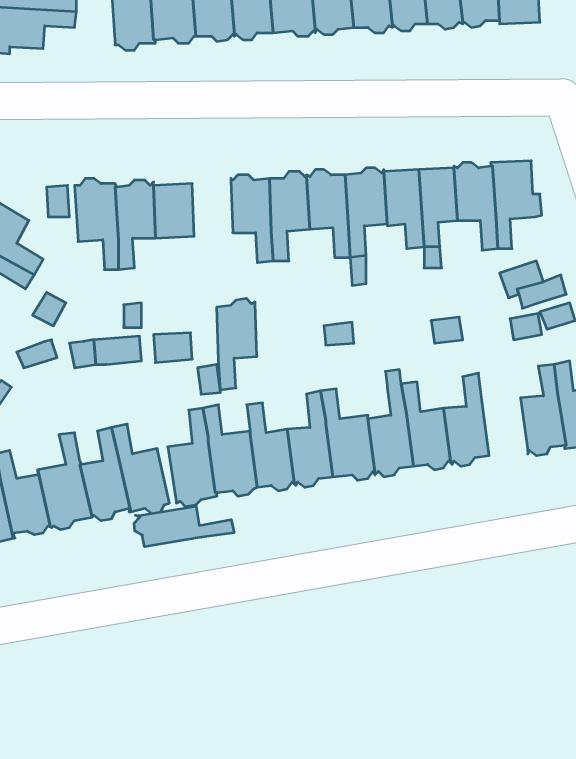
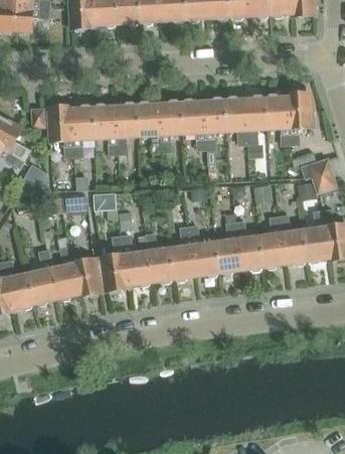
building: [217,298,257,390] -> [116,102,139,154]
building: none -> [280,214,308,265]
building: [134,506,234,547] -> none

